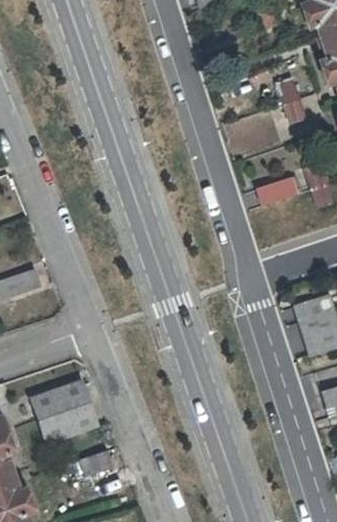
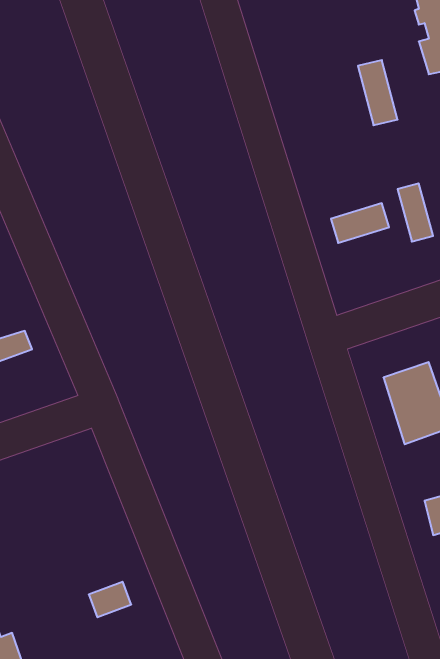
building: [32,381,95,440] -> none

